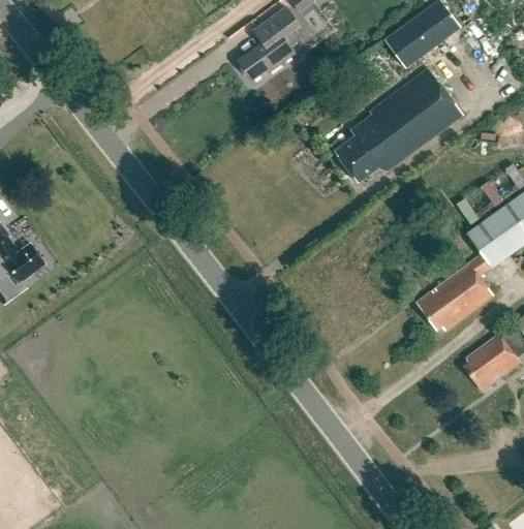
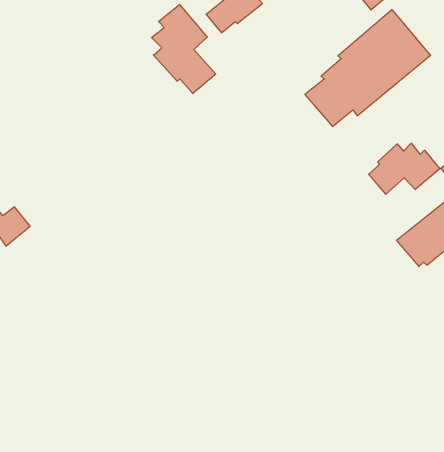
building: none -> [151,4,216,94]
building: none -> [369,143,440,194]

